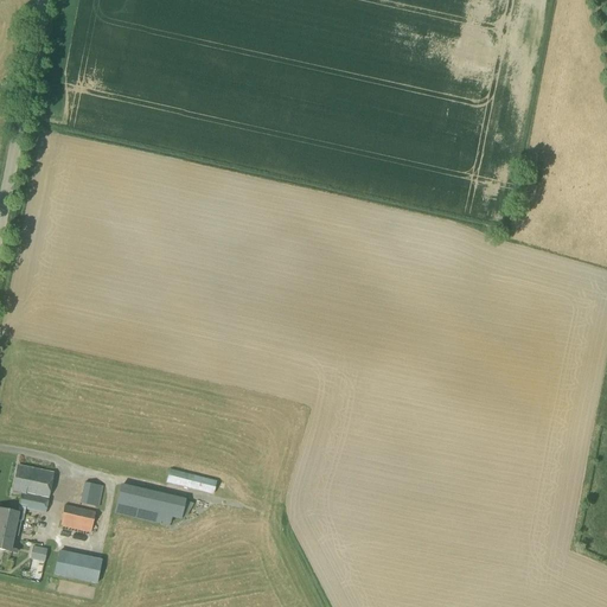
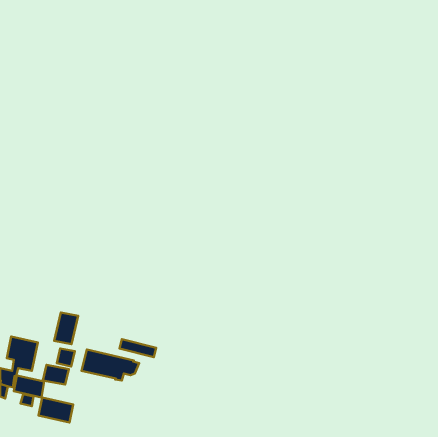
building: none -> [54,312,78,344]
building: none -> [14,375,44,397]

